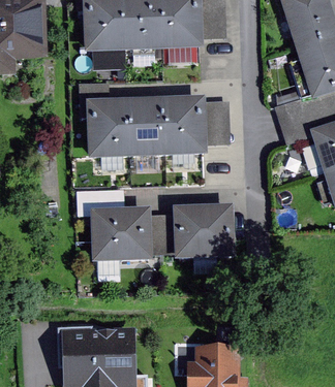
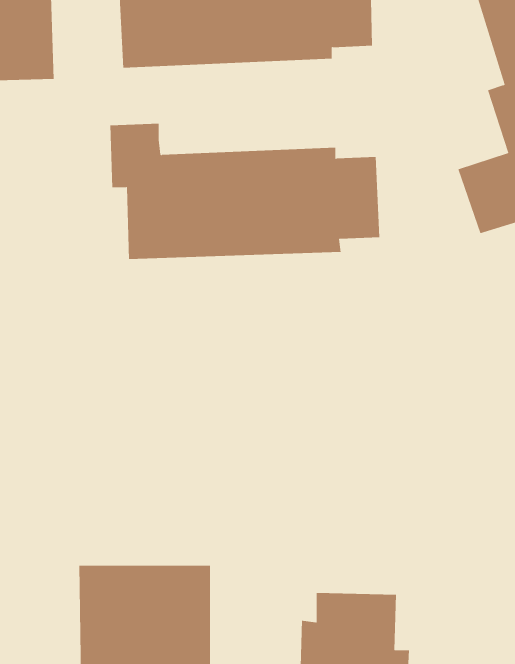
building: [90,203,235,261] -> none

